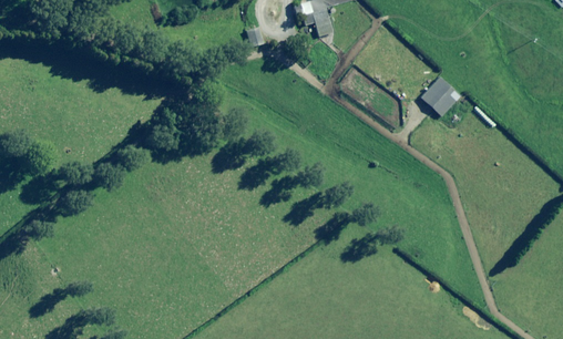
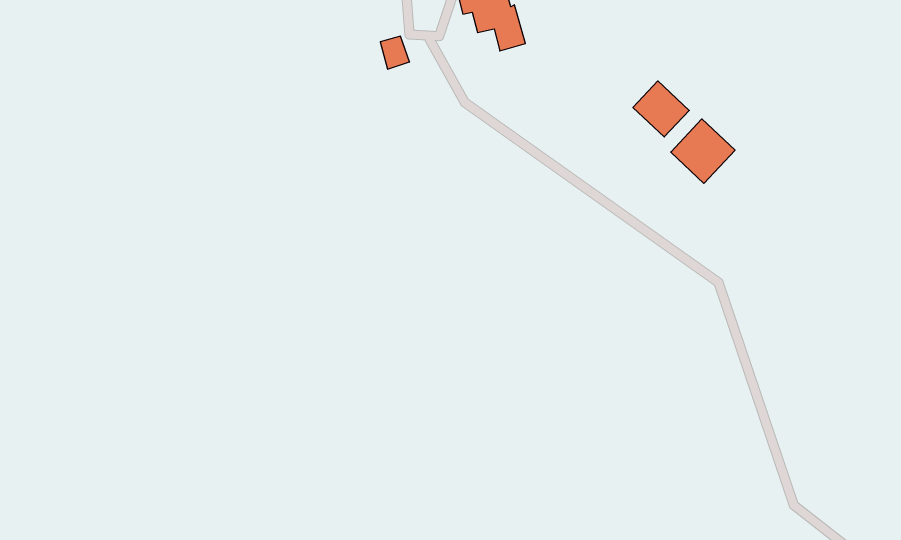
building: none -> [633,81,689,137]

